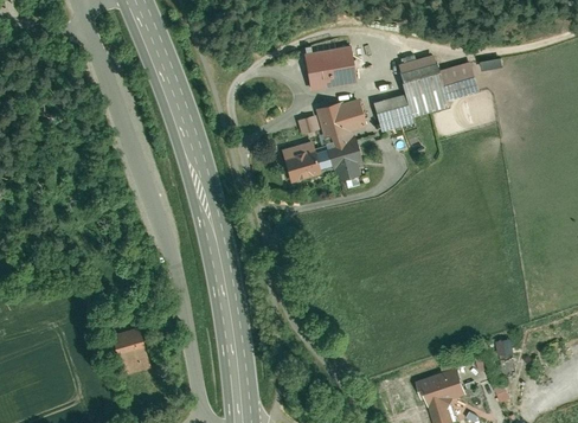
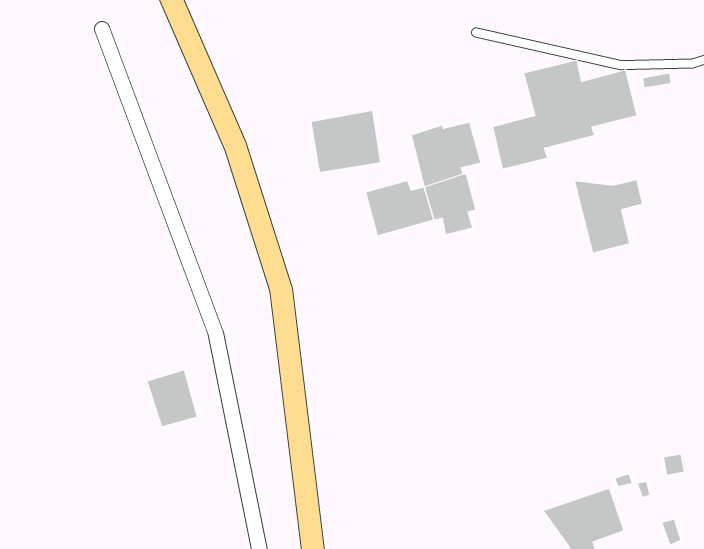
building: [304,44,355,89] -> [311,111,381,172]
building: none -> [575,179,643,253]
building: [113,327,149,368] -> [147,370,197,427]

